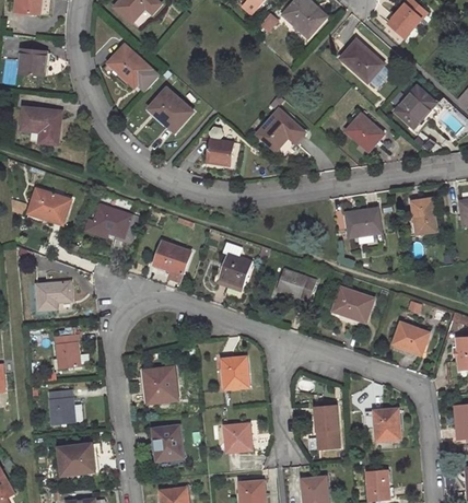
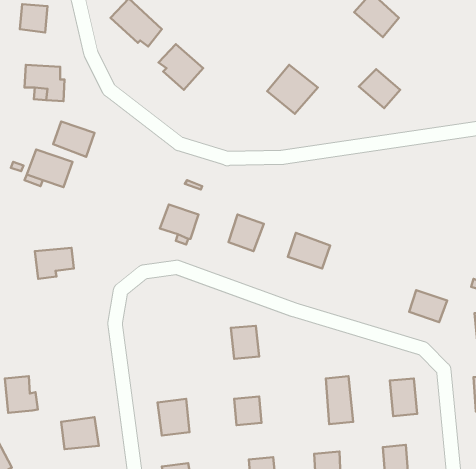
building: [395,85,440,129] -> none
building: [207,138,234,164] -> none
building: [412,196,438,232] -> none
building: [92,204,131,238] -> [53,121,94,157]
building: [349,207,383,234] -> none
building: [331,288,372,321] -> none
building: [51,336,86,370] -> none
building: [143,365,176,401] -> none
building: [48,391,80,426] -> [5,376,38,413]

